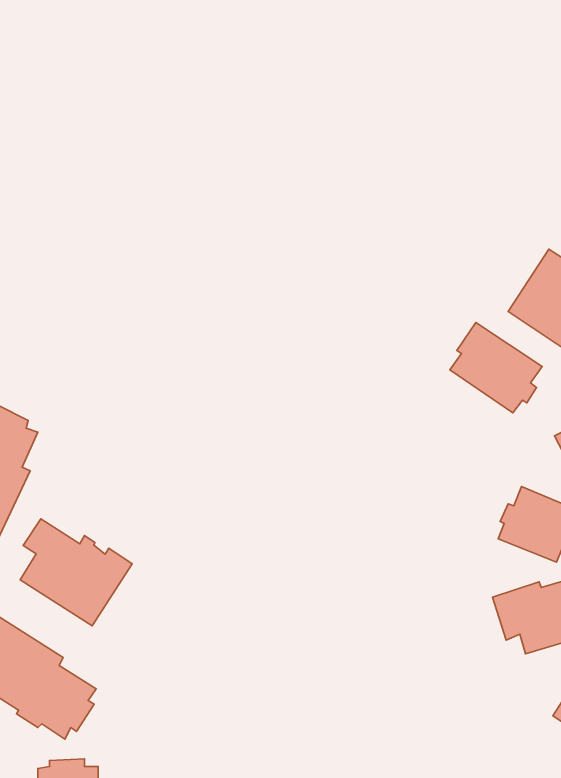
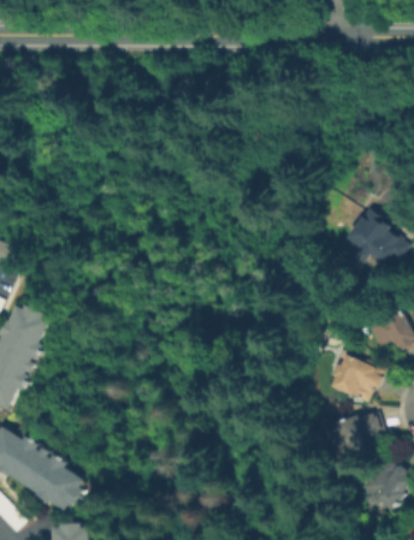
building: [450,322,542,413] -> none
building: [20,519,132,626] -> none

